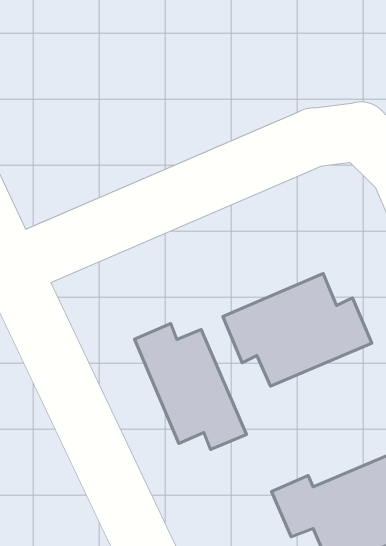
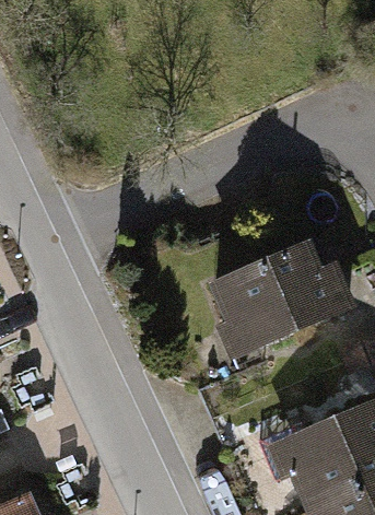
building: [135,323,246,449] -> none

